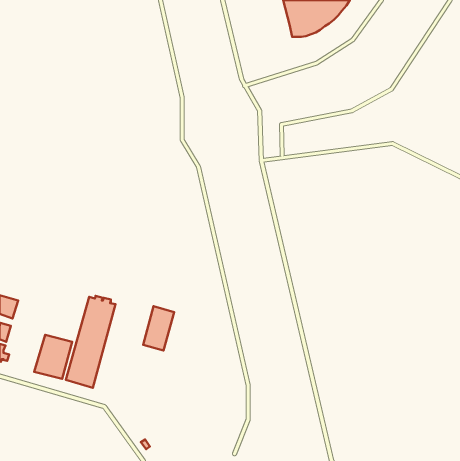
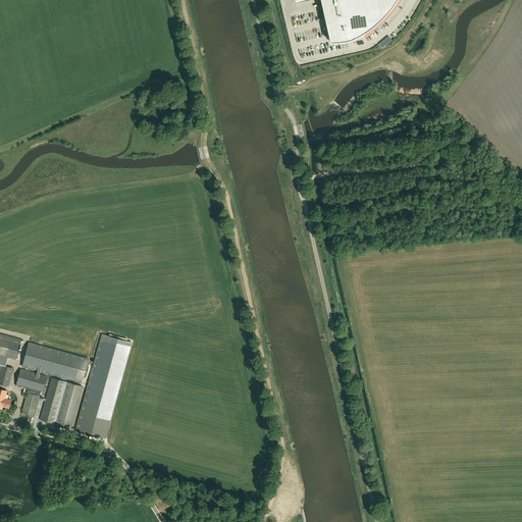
building: none -> [15,343,87,415]
building: [143,306,174,350] -> none

